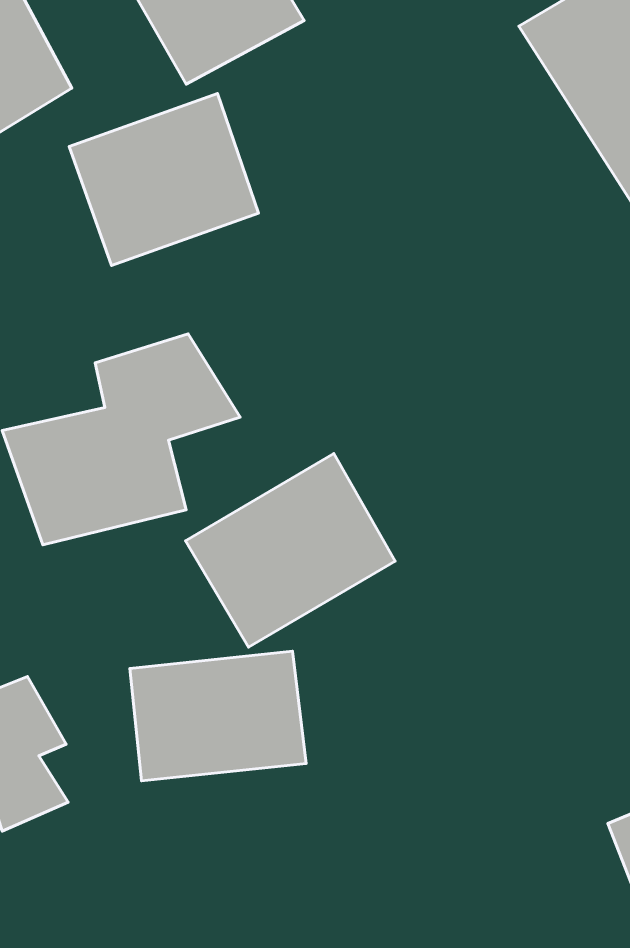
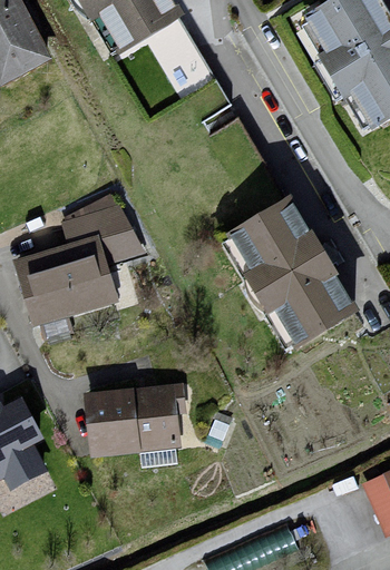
building: [69,93,259,265] -> none
building: none -> [233,199,359,345]
building: [185,453,395,647] -> none

